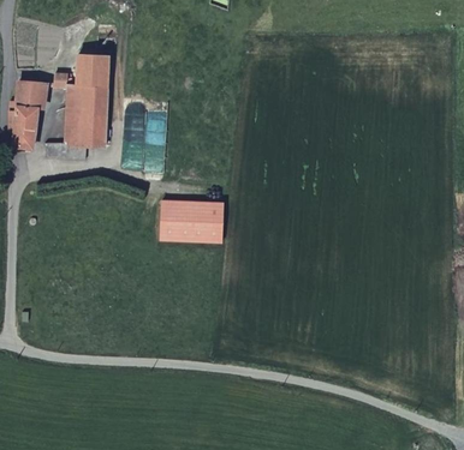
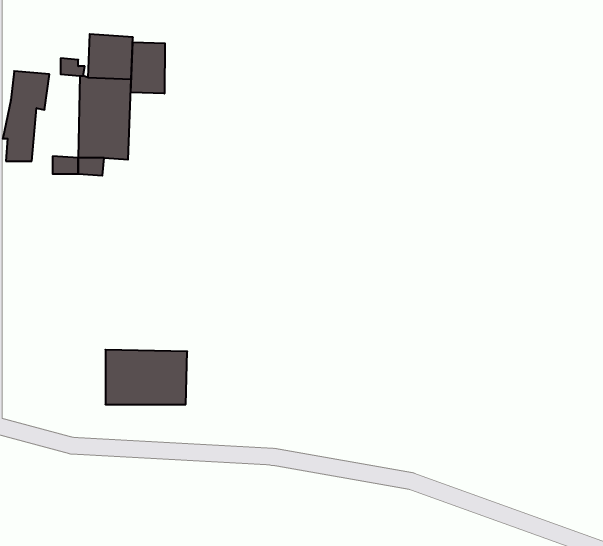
building: none -> [131,42,165,94]
building: [162,198,224,239] -> [105,350,187,404]

